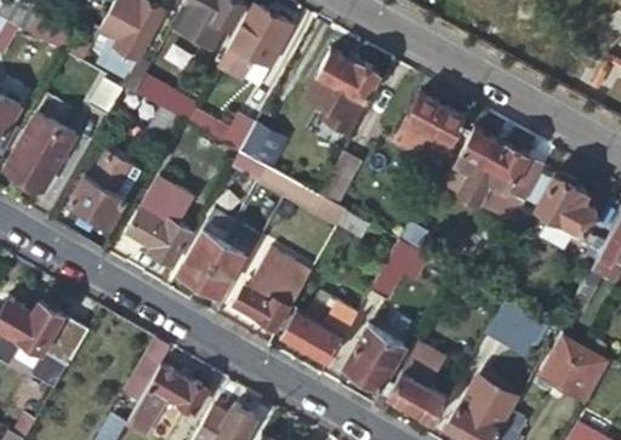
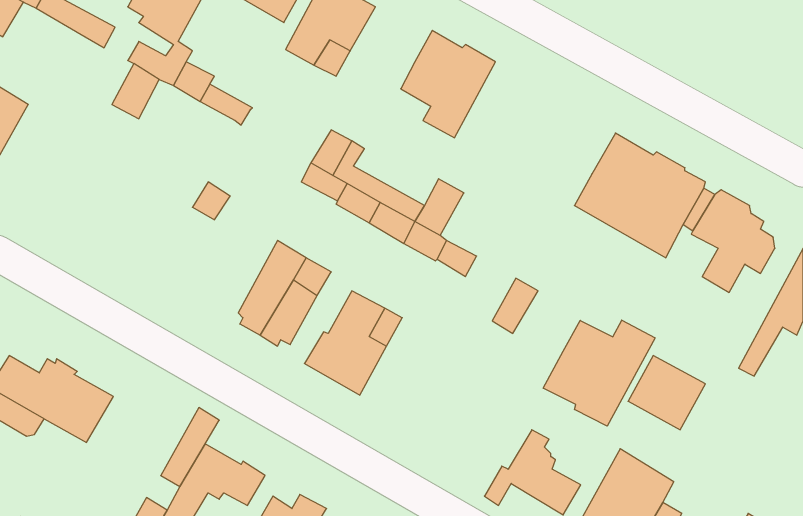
building: [395,93,466,181] -> none
building: [187,110,256,152] -> none
building: [13,119,78,192] -> none
building: [69,155,138,225] -> none
building: [129,211,194,267] -> none
building: none -> [543,320,655,426]
building: [283,301,355,360] -> none
building: [342,330,401,390] -> none
building: [541,333,610,401] -> none

